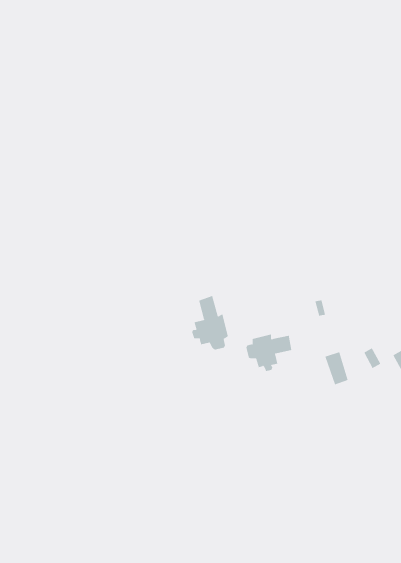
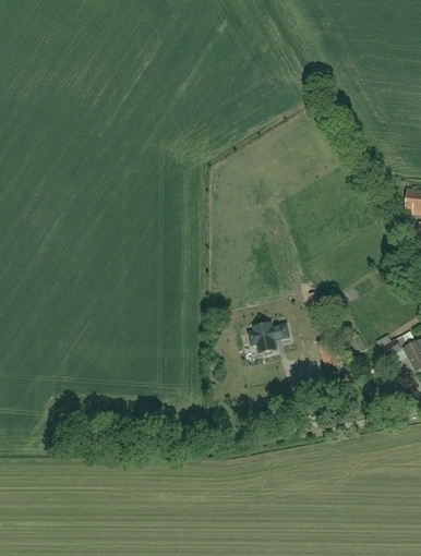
building: [192,295,228,351] -> none

